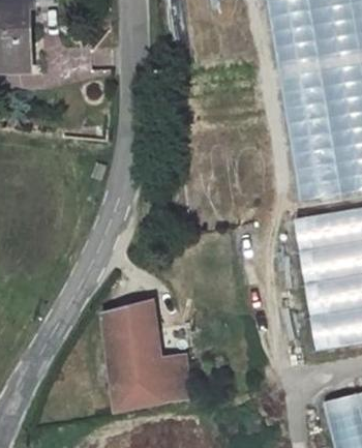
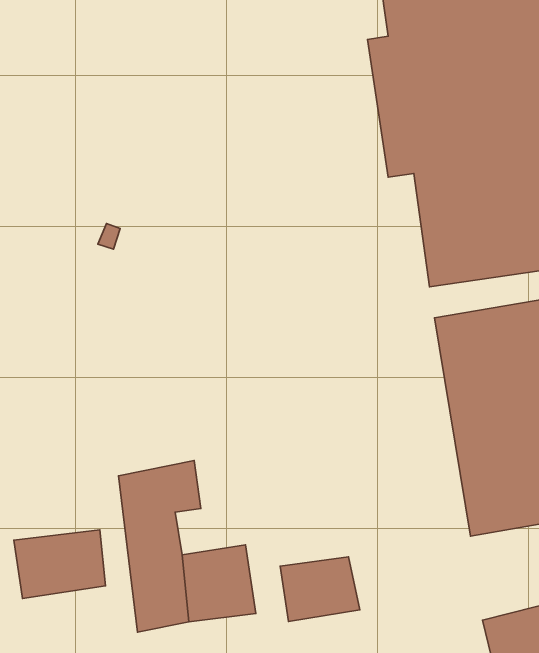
building: none -> [14,530,106,599]
building: none -> [280,557,360,622]

